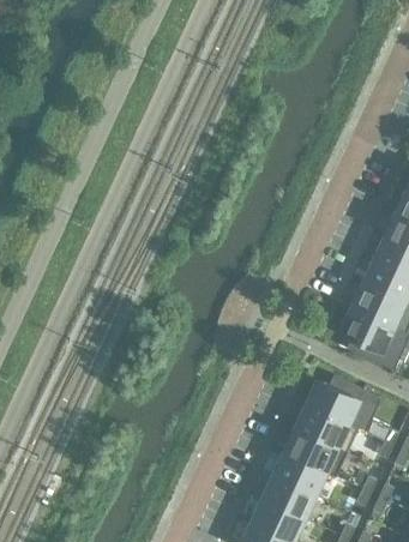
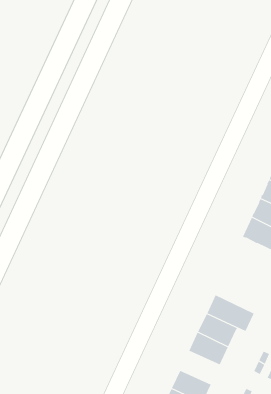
building: [308,381,359,429] -> none
building: [264,476,314,518] -> none

